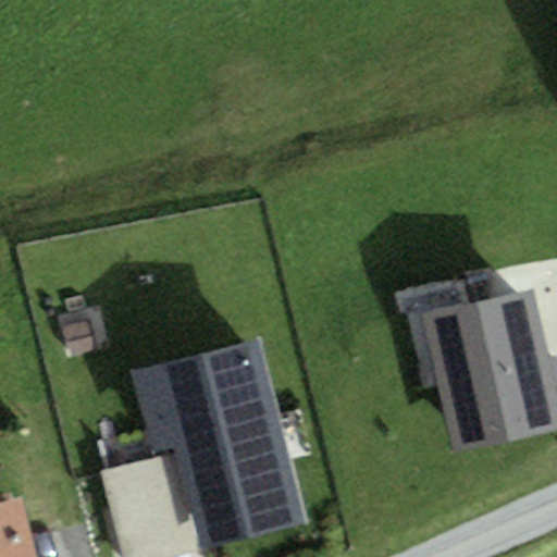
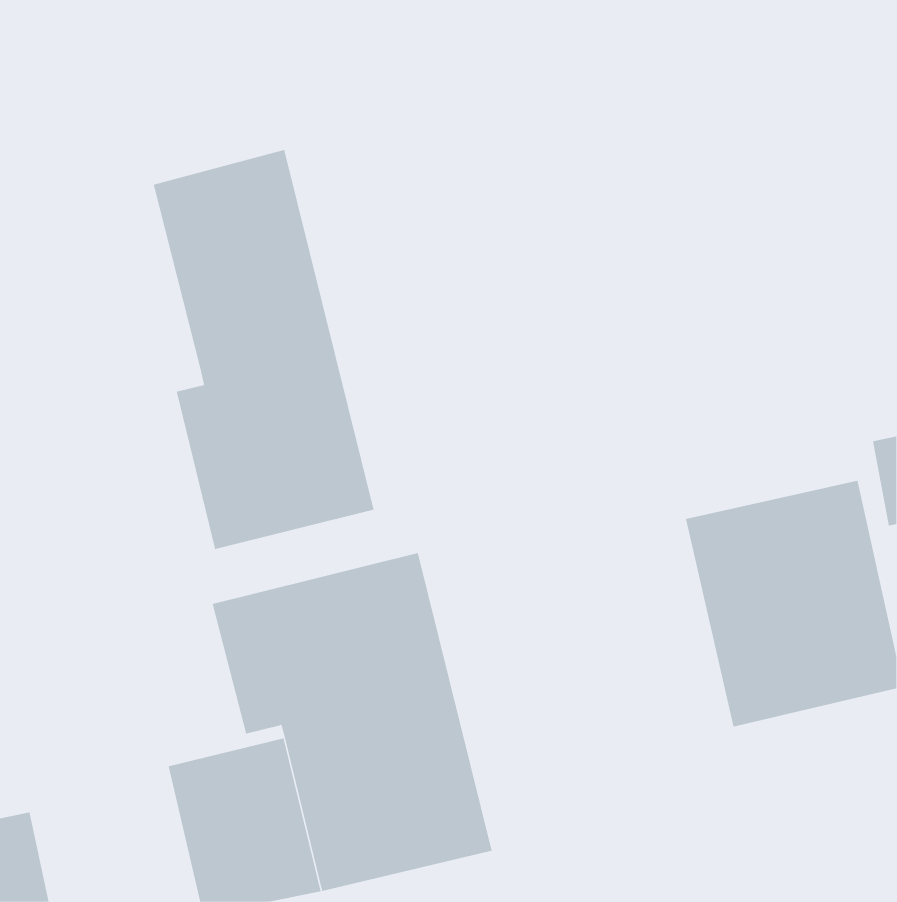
building: none -> [153,149,374,550]

